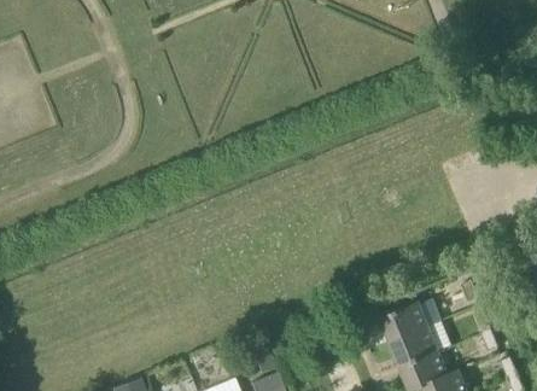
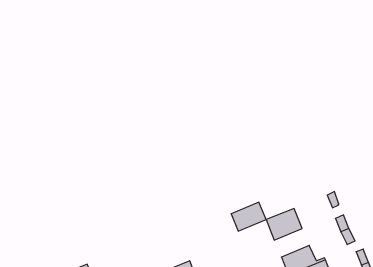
building: [391,329,438,368] -> [231,202,266,231]

